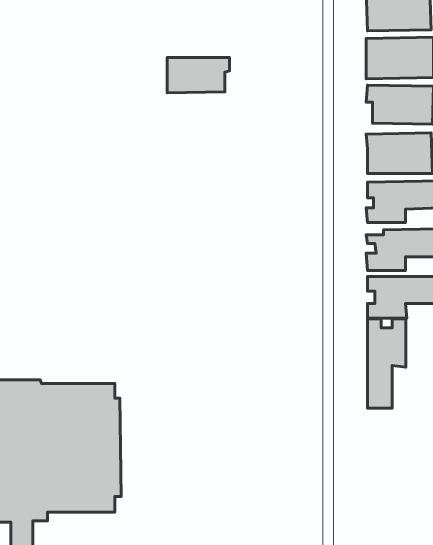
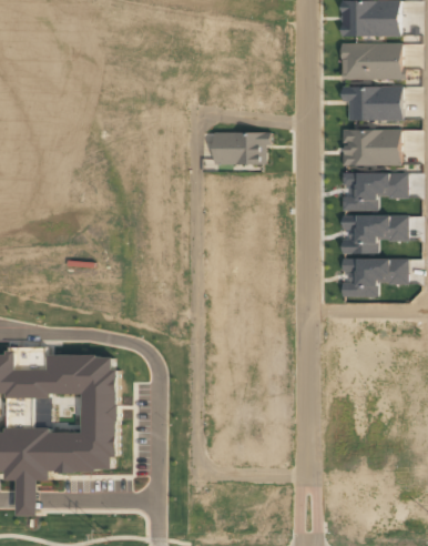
building: [167,57,230,93] -> [213,132,269,164]
building: [368,319,406,408] -> none

